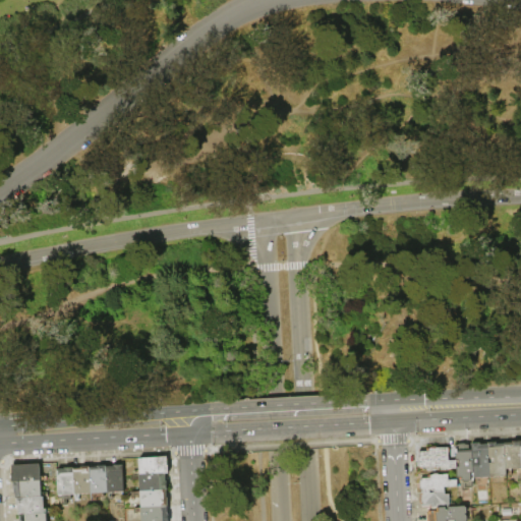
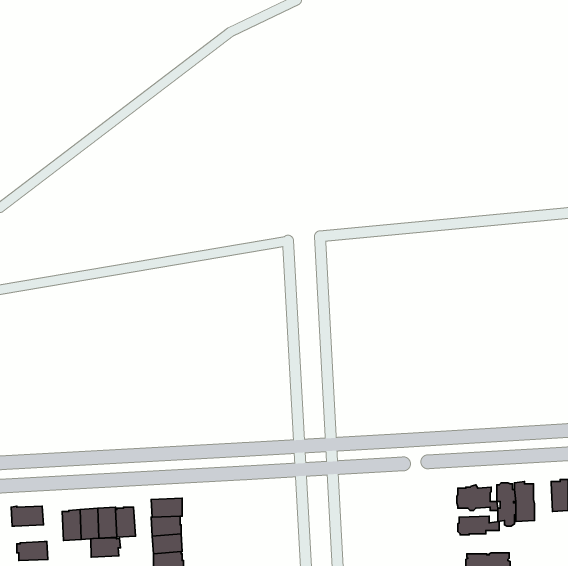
building: [488,443,506,478] -> none
building: [13,482,41,499] -> none
building: [419,490,450,509] -> none
building: none -> [91,538,120,557]

